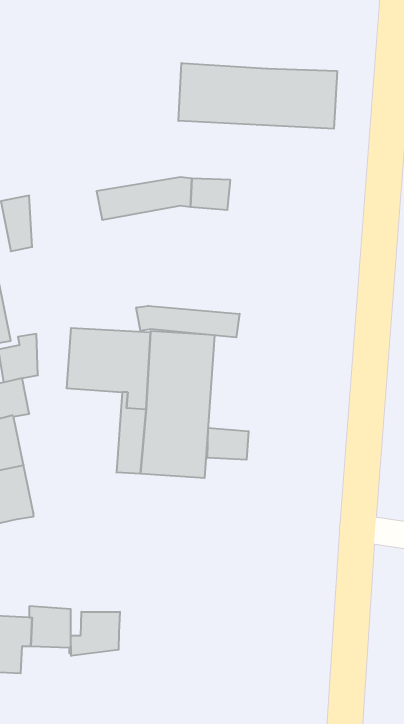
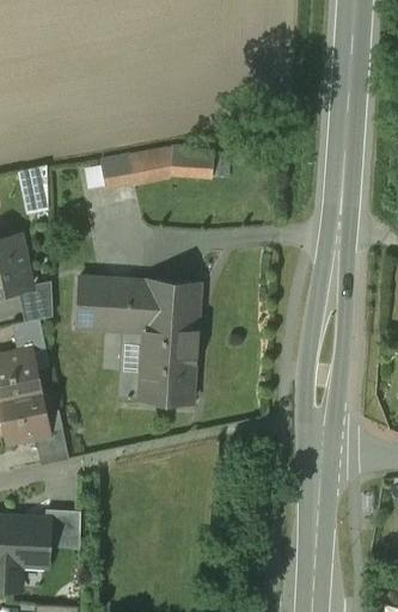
building: [178,63,337,129] -> none
building: [136,306,240,337] -> none
building: [208,428,248,460] -> none
building: none -> [35,430,69,465]
building: [71,612,120,656] -> none

